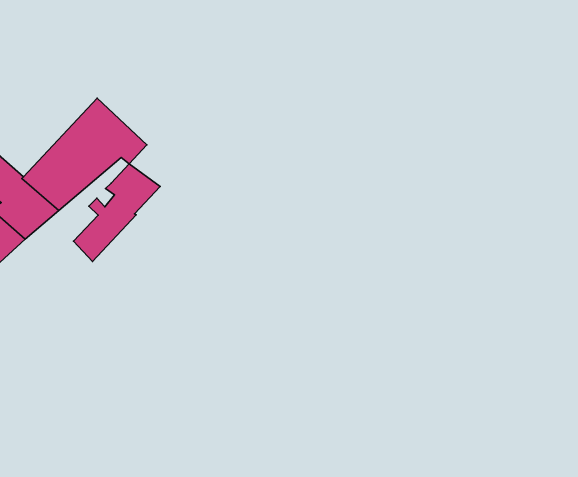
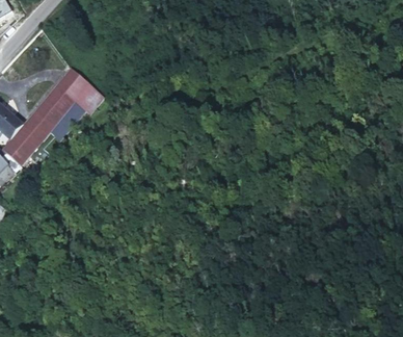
building: [74,164,160,261] -> none

